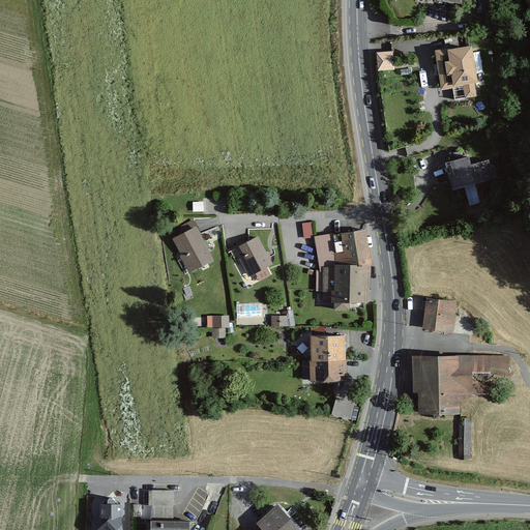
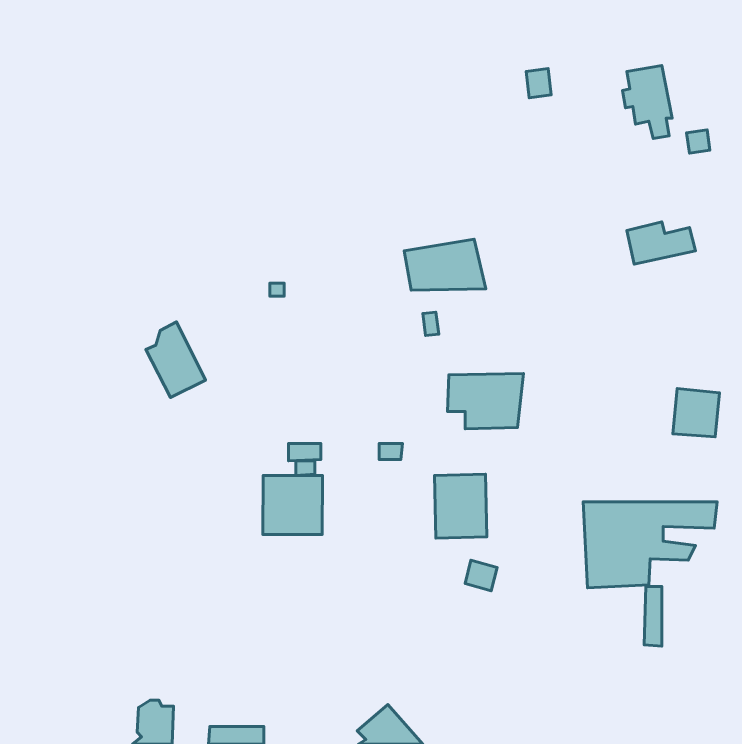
building: [170,218,212,272] -> [146,322,205,398]
building: [314,230,372,266] -> [404,239,486,290]
building: [232,235,271,281] -> none
building: [422,299,455,333] -> [673,389,719,437]
building: none -> [263,476,322,534]
building: [150,488,172,516] -> none

